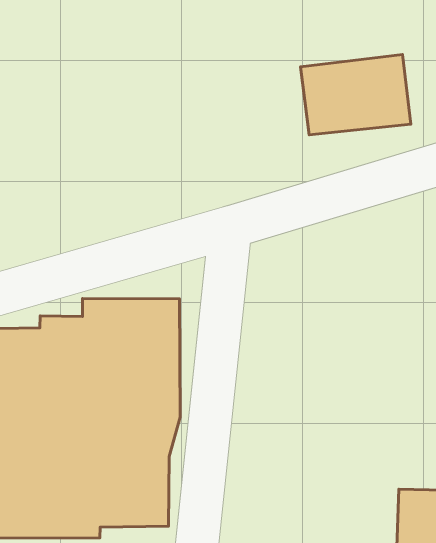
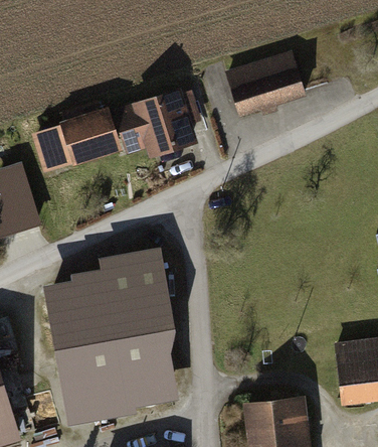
building: none -> [44,101,120,169]
building: none -> [112,86,202,161]

